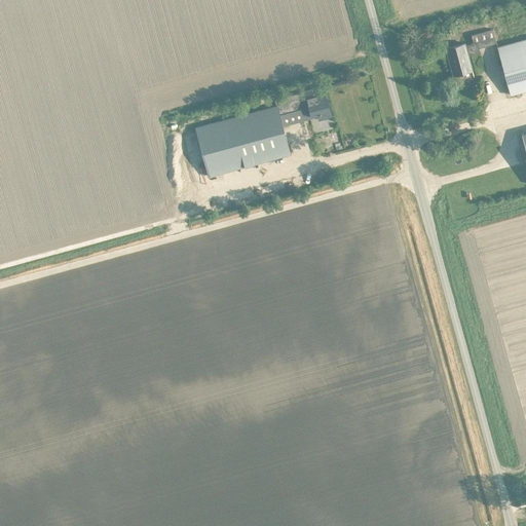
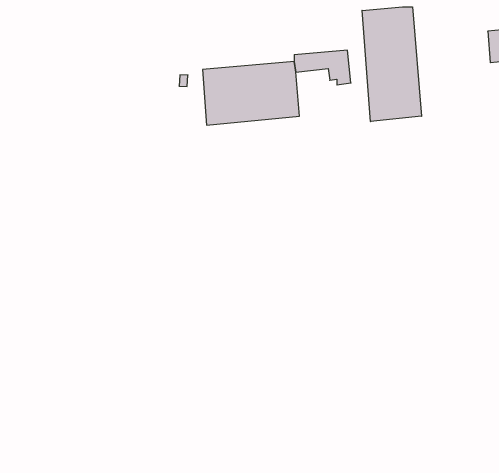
building: none -> [362,7,422,122]

